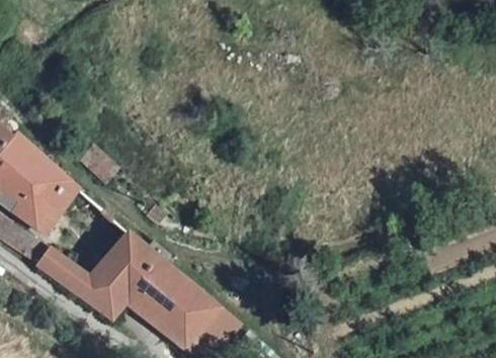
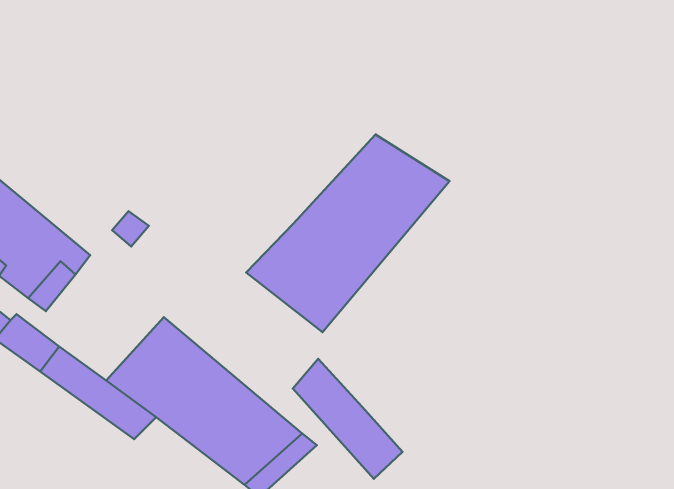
building: none -> [246,134,449,332]
building: none -> [293,359,403,479]

